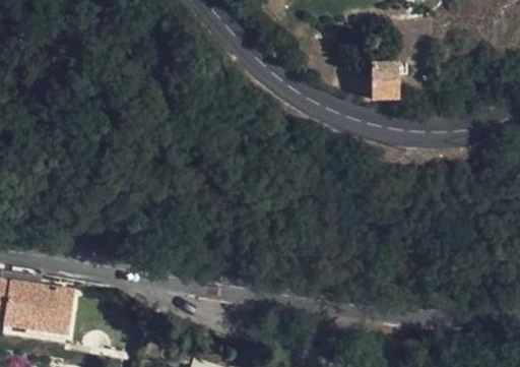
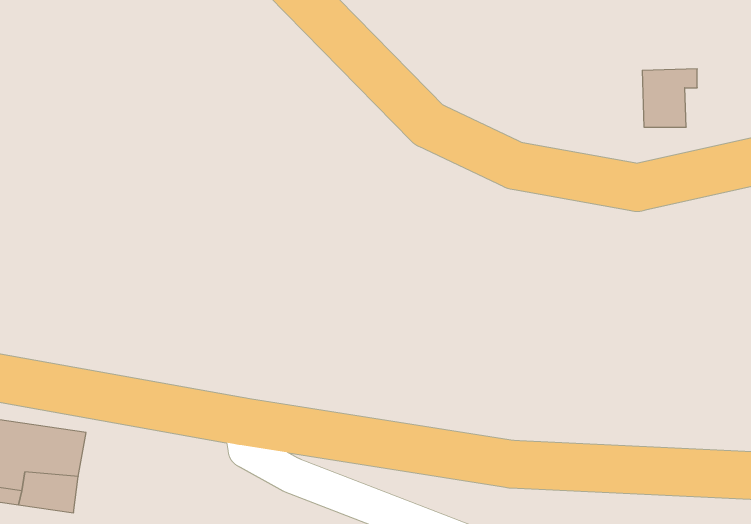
building: [370,62,405,100] -> [642,69,697,127]

